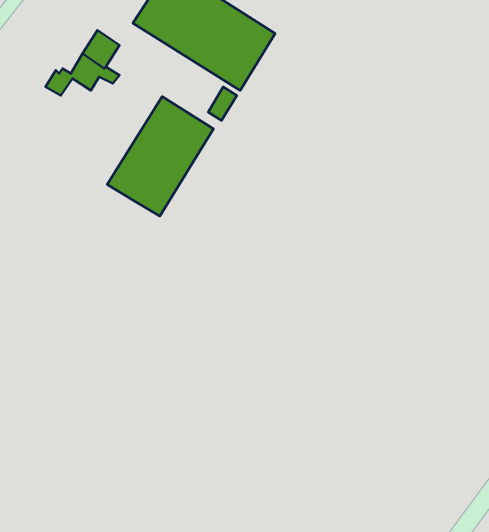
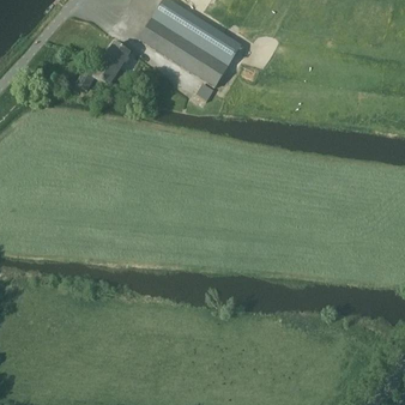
building: [107,96,214,216] -> none

